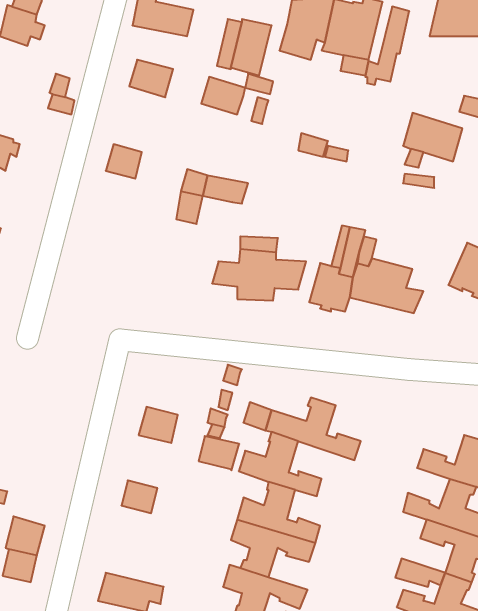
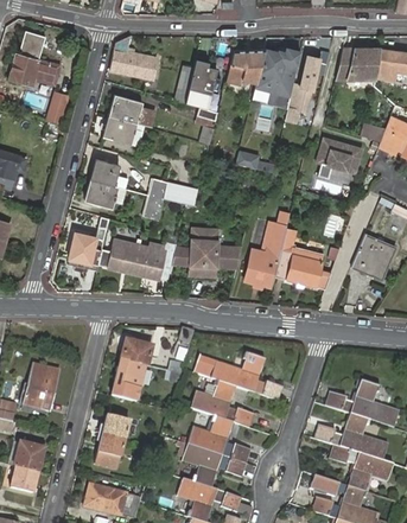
building: [201,77,245,114] -> [102,115,135,143]
building: none -> [85,179,116,206]
building: none -> [68,216,109,270]
building: none -> [107,237,177,279]
building: none -> [23,362,59,410]
building: [199,436,239,470] -> [121,339,152,365]
building: none -> [95,433,125,468]

